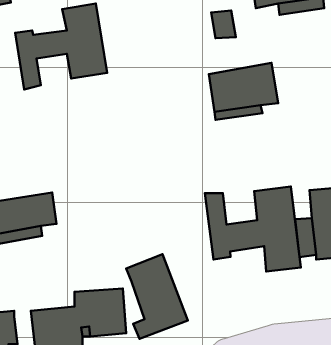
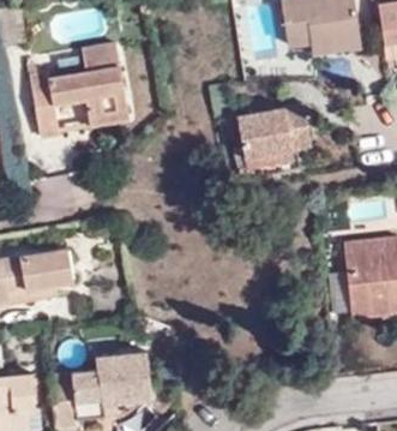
building: [205,187,301,271] -> none
building: [126,254,188,339] -> none

